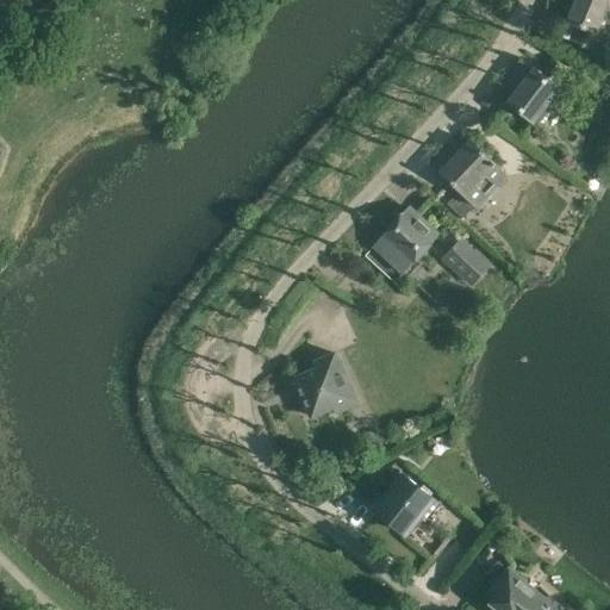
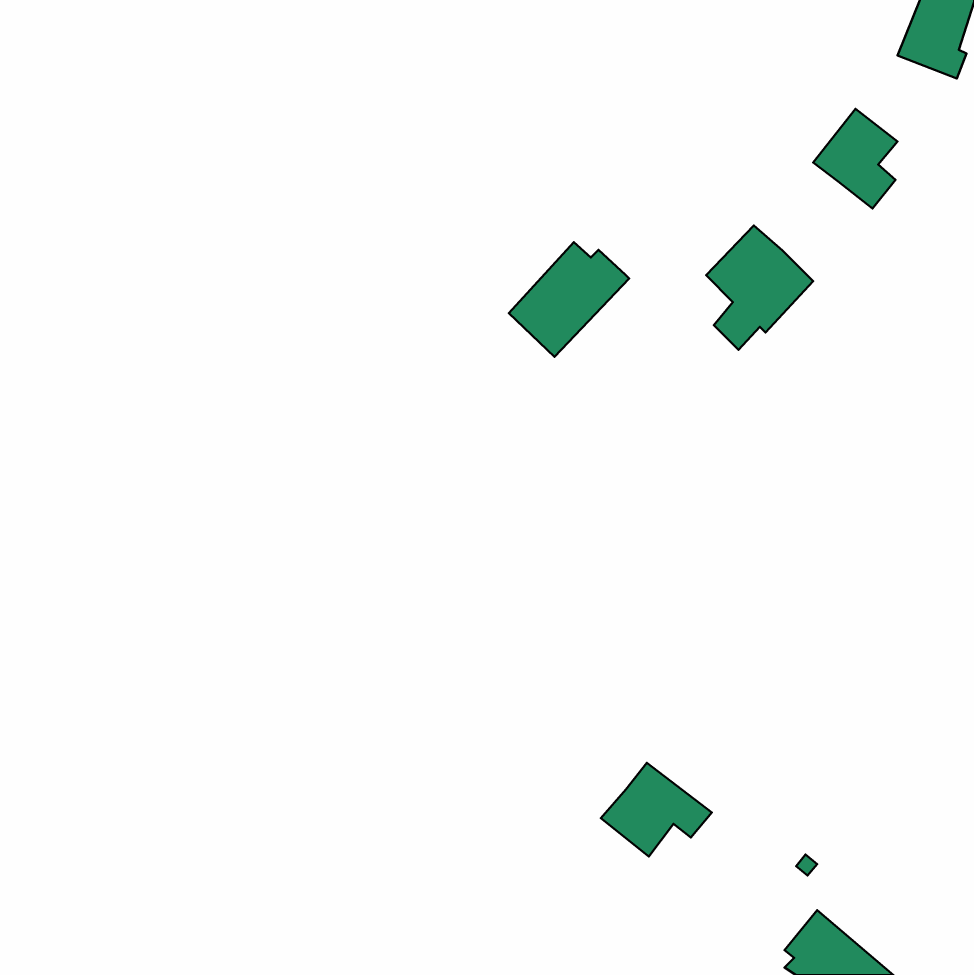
building: [362,211,437,282] -> [509,242,629,357]
building: [441,238,487,285] -> none
building: [293,353,356,416] -> none

